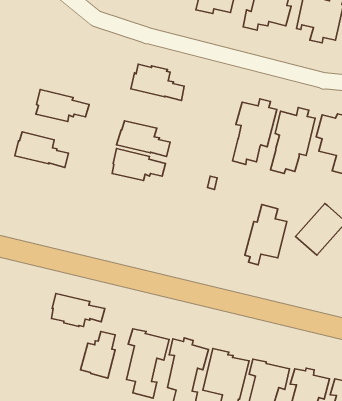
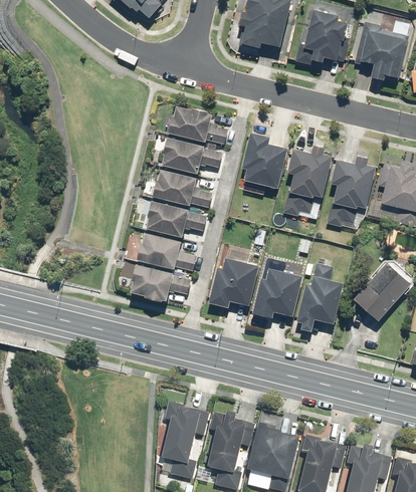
building: none -> [241,132,288,197]
building: [36,89,89,121] -> [162,137,222,173]
building: [15,132,68,167] -> [137,232,197,272]
building: none -> [208,257,258,307]
building: none -> [252,267,302,317]
building: [51,293,105,326] -> [131,263,191,300]
building: [81,331,115,378] -> none

